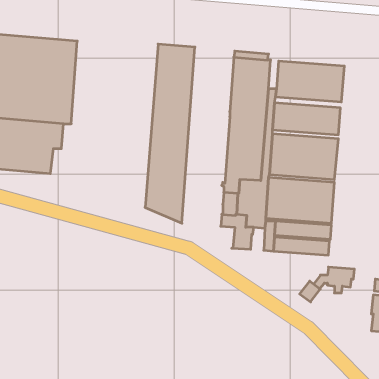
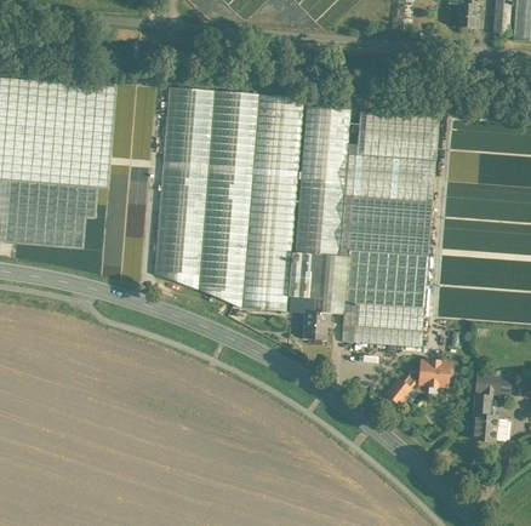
building: none -> [154,86,213,288]
building: none -> [242,93,303,310]

